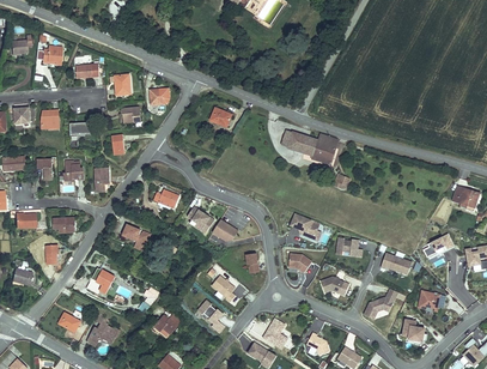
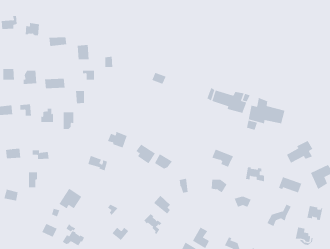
building: none -> [248,97,285,124]
building: none -> [286,140,313,163]

